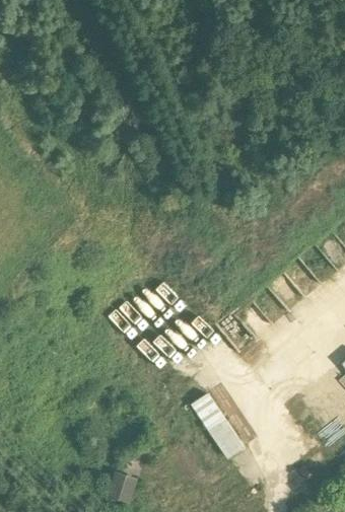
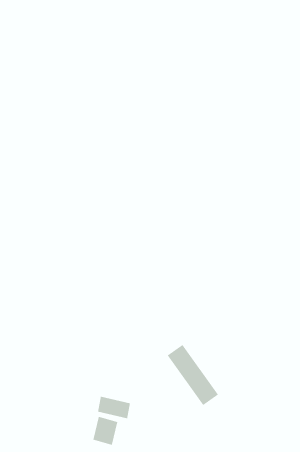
building: none -> [98,396,130,419]

